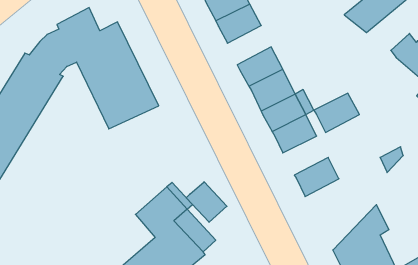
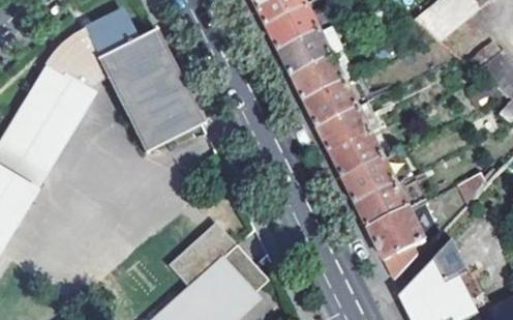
building: none -> [281,33,332,79]
building: [314,93,359,132] -> [345,162,398,207]
building: none -> [371,211,426,278]
building: [186,182,227,222] -> none

